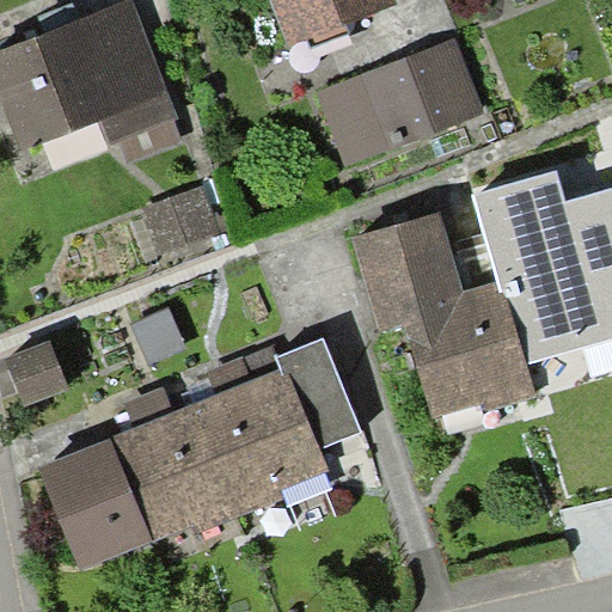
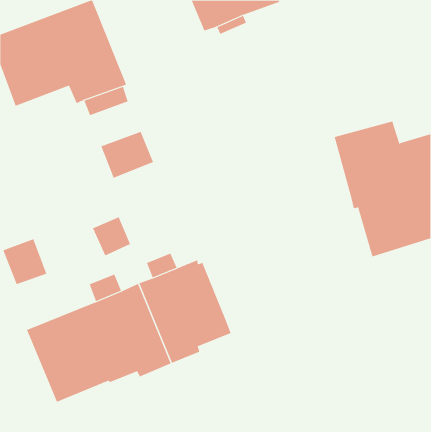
building: [316,37,484,166] -> none
building: [351,212,537,418] -> none
building: [275,338,361,449] -> none

